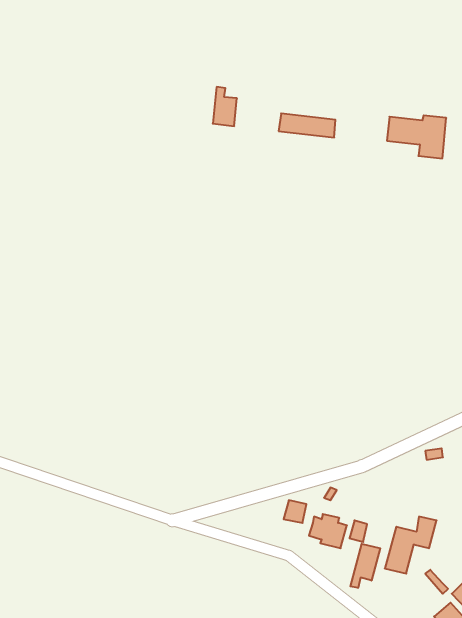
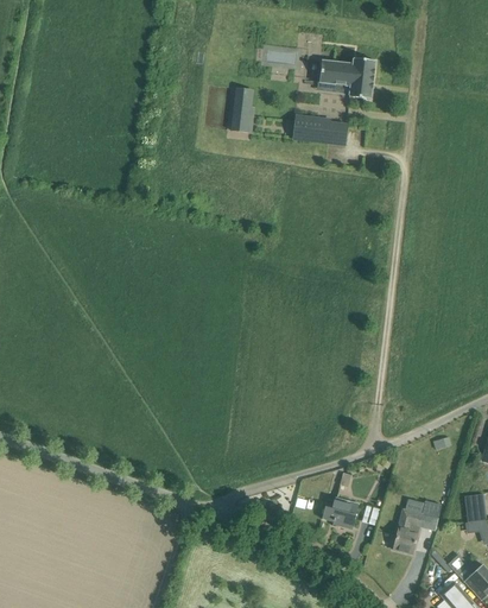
building: [387,115,446,158] -> [319,58,375,99]
building: [350,544,380,588] -> none

